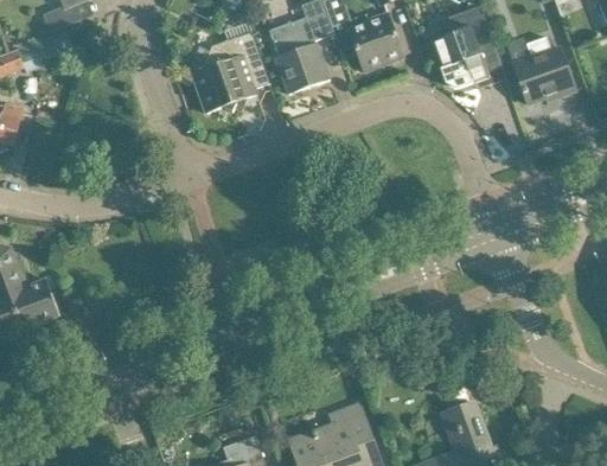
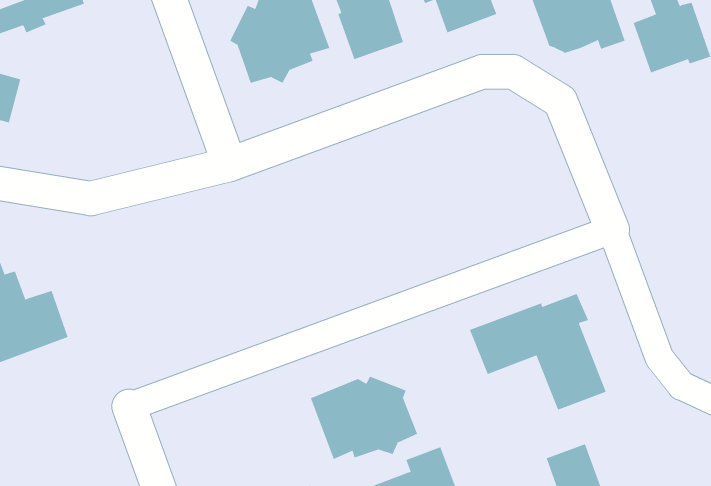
building: none -> [469,293,606,411]
building: none -> [310,376,418,460]

